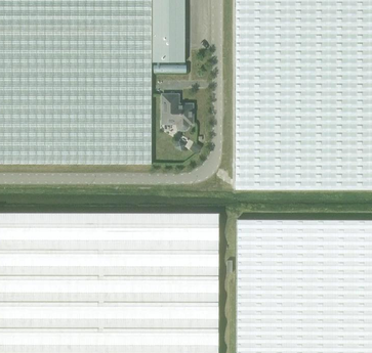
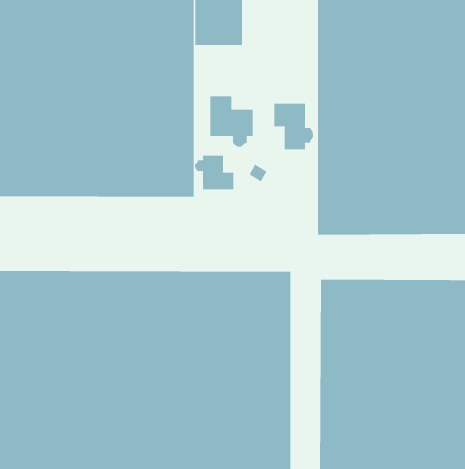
building: none -> [274,103,314,150]
building: none -> [194,155,234,190]

